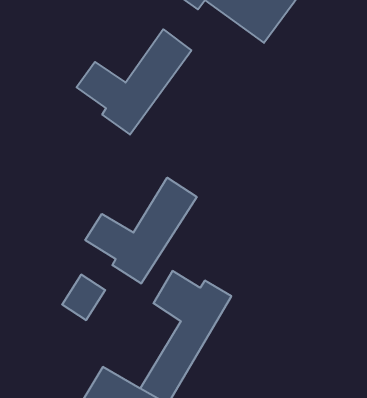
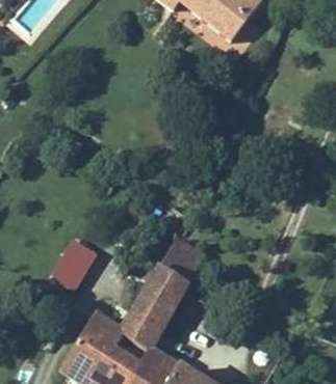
building: [77,29,191,135] -> none
building: [85,178,197,284] -> none

